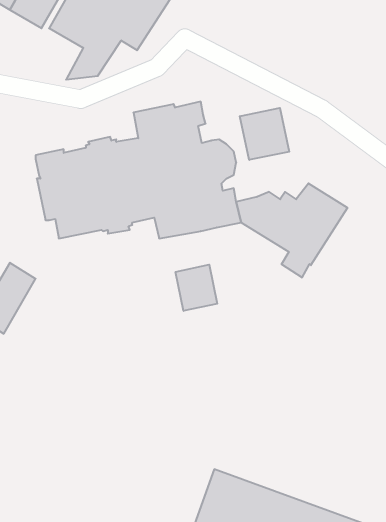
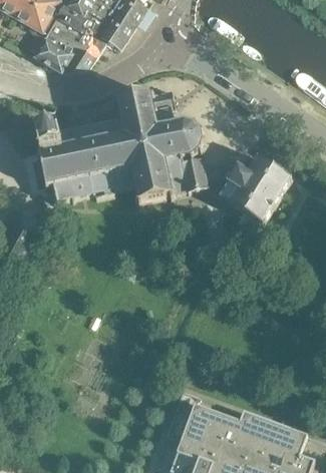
building: none -> [34,31,76,73]
building: [240,108,289,160] -> none
building: [176,265,217,311] -> none

